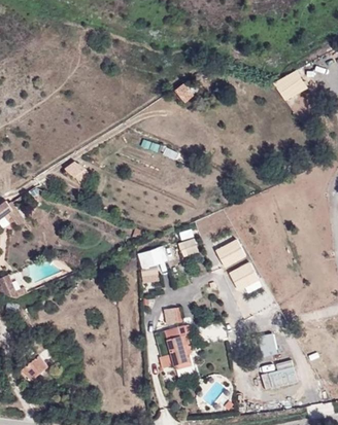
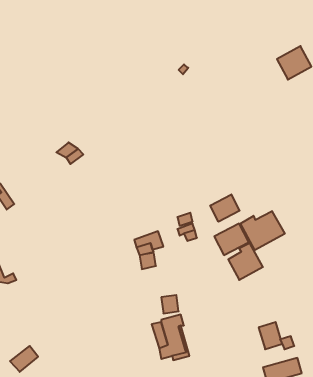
building: none -> [210,194,240,222]
building: none -> [240,211,285,250]

